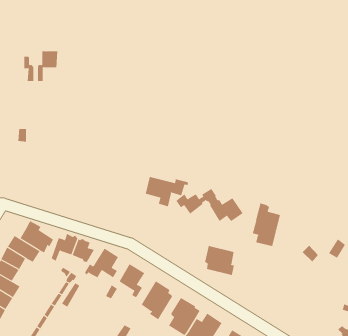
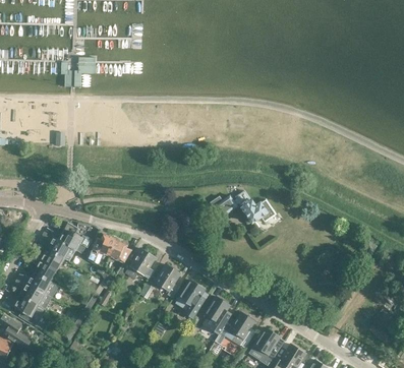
building: [145,176,189,207] -> none
building: [252,203,280,247] -> none
building: [204,245,235,276] -> none

